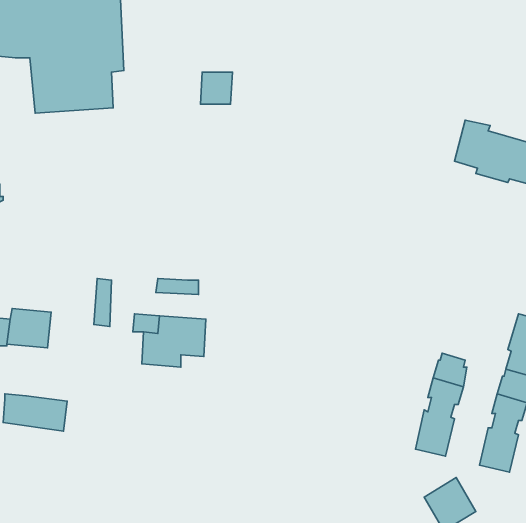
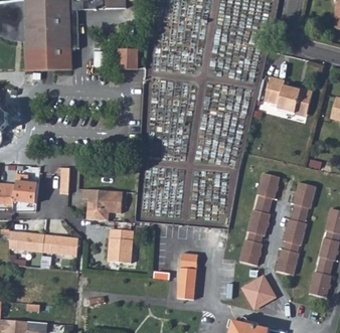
building: none -> [257,176,280,212]
building: none -> [108,226,134,262]
building: none -> [42,235,78,258]
building: none -> [178,252,198,298]

